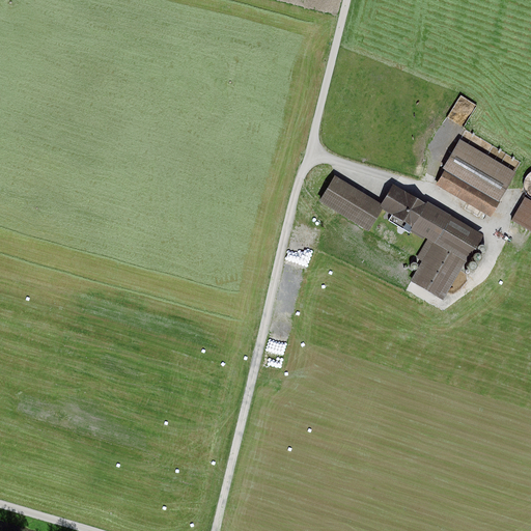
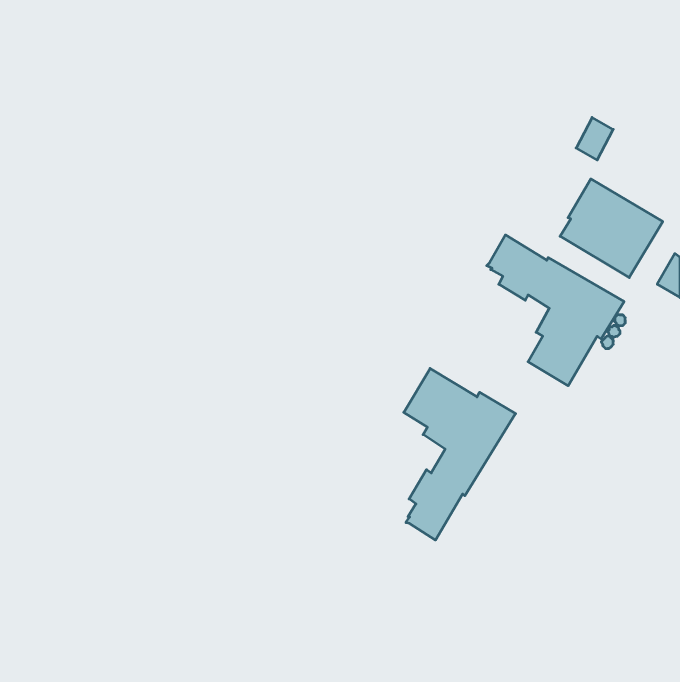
building: [318,175,383,231] -> none
building: none -> [404,368,516,540]

